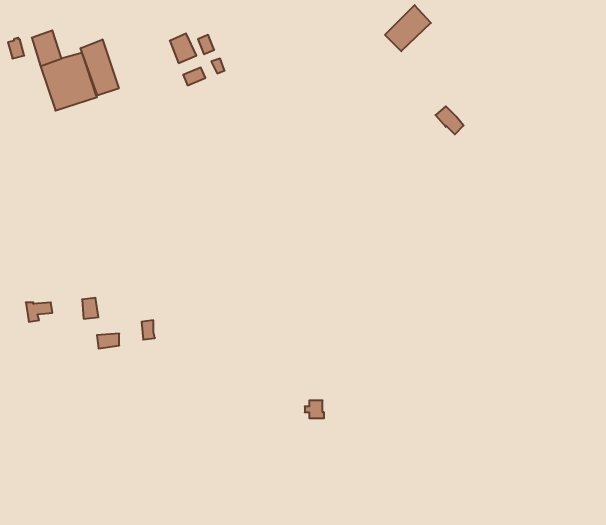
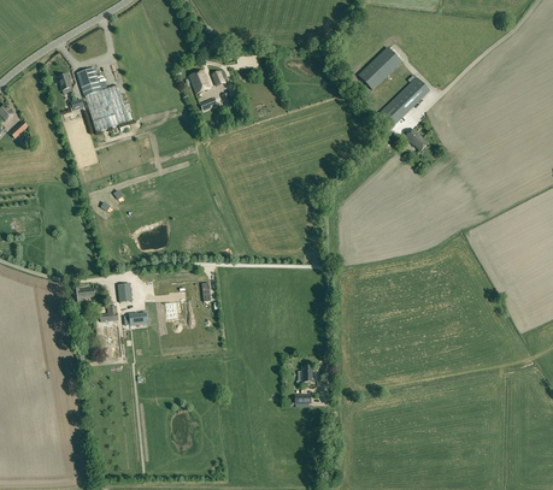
building: [81,39,119,96] -> none
building: none -> [378,77,429,128]

